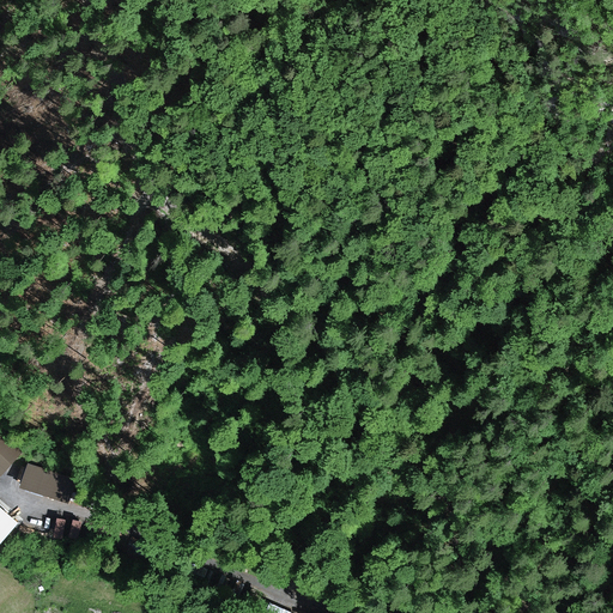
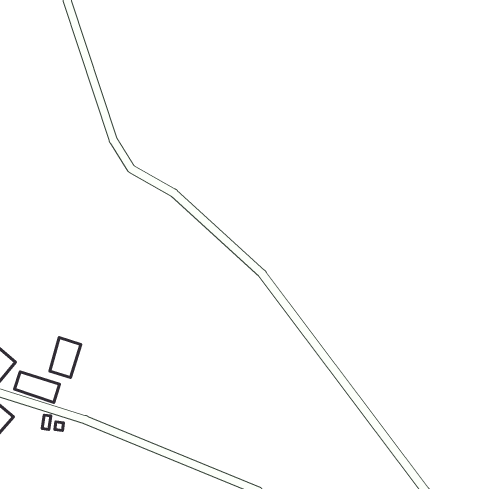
building: none -> [50,337,81,377]

